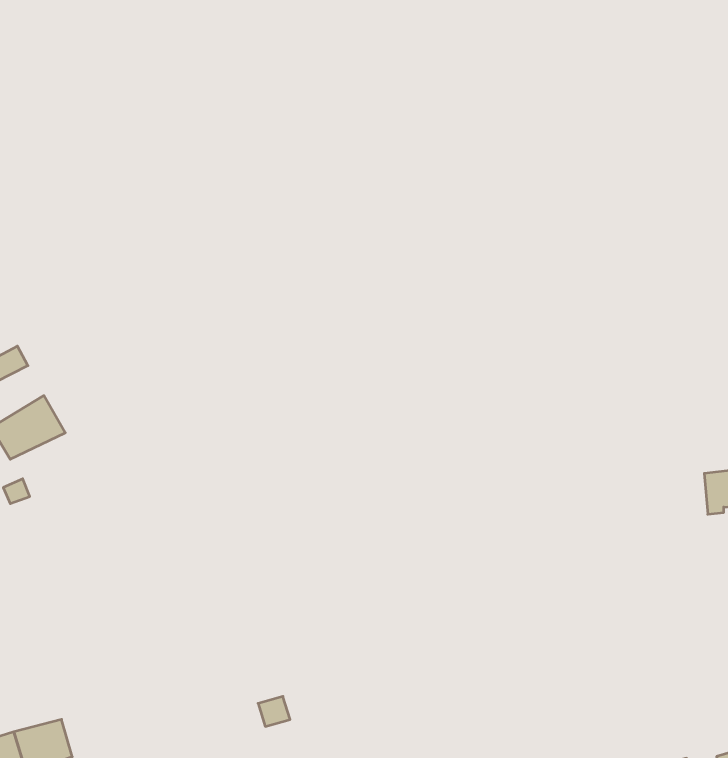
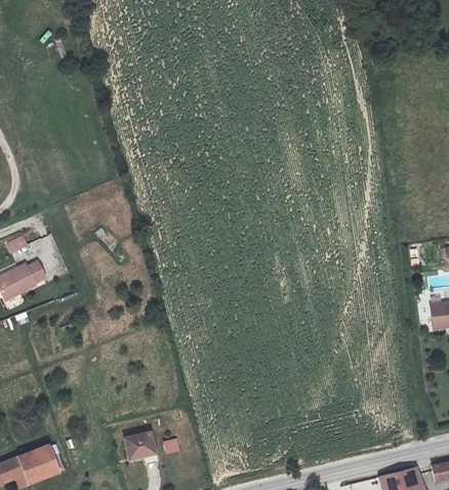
building: none -> [122,436,156,465]

